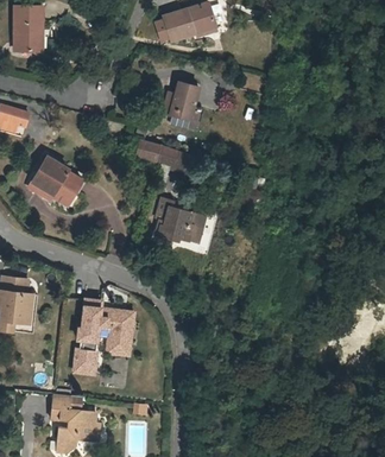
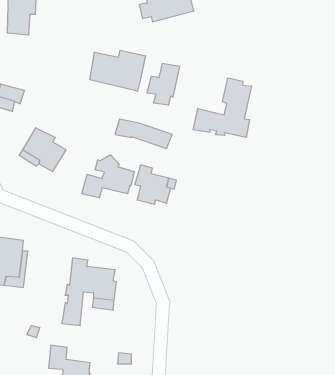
building: none -> [90,50,145,91]
building: none -> [193,78,251,137]
building: none -> [82,155,134,198]

